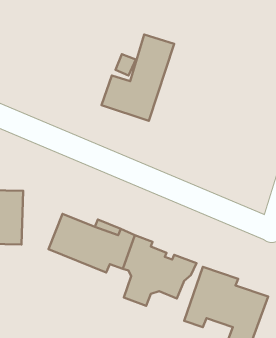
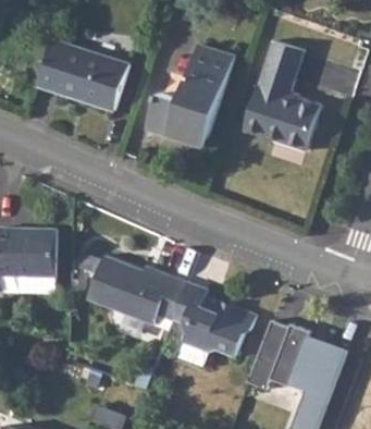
building: none -> [36,41,129,113]
building: none -> [243,41,320,151]

